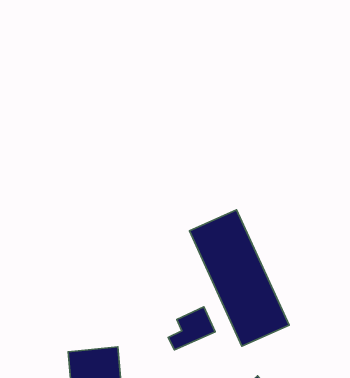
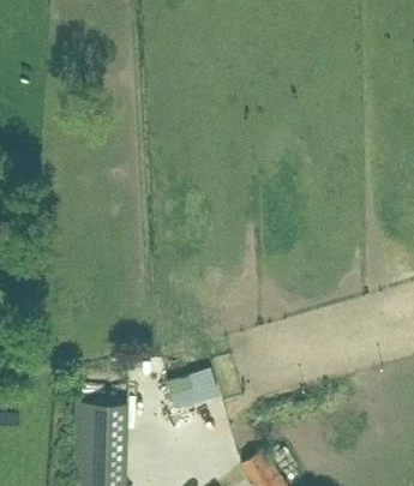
building: [189,210,289,346] -> none

